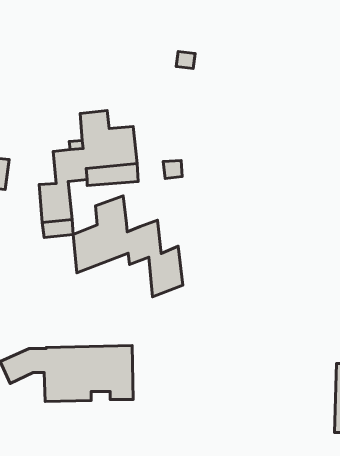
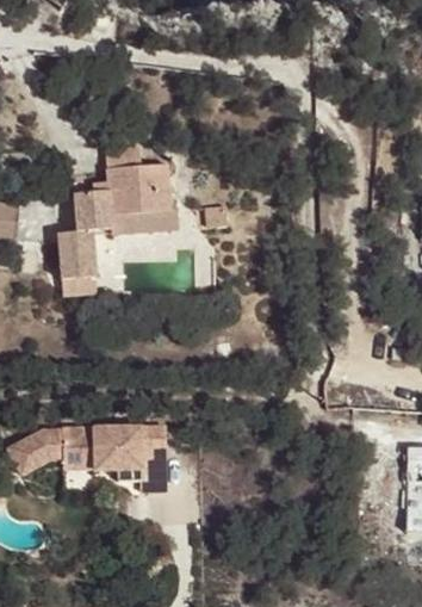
building: [73,196,183,297] -> none

